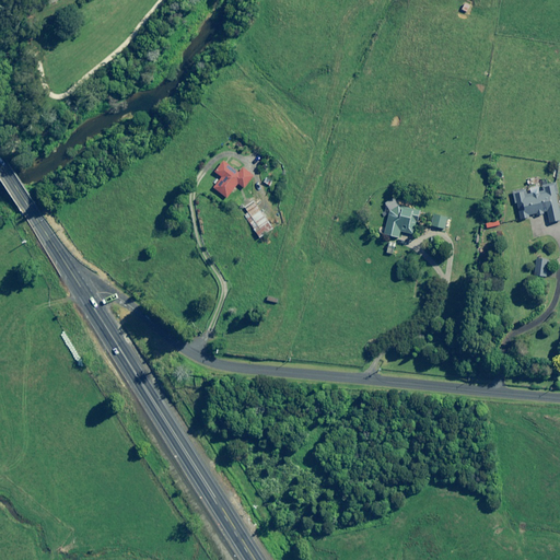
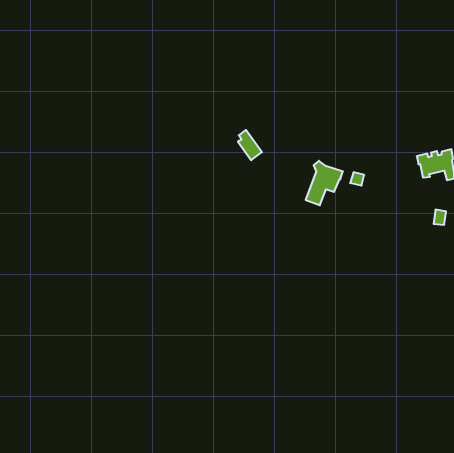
building: [214,161,255,197] -> none
building: [244,200,273,237] -> [238,130,262,160]

